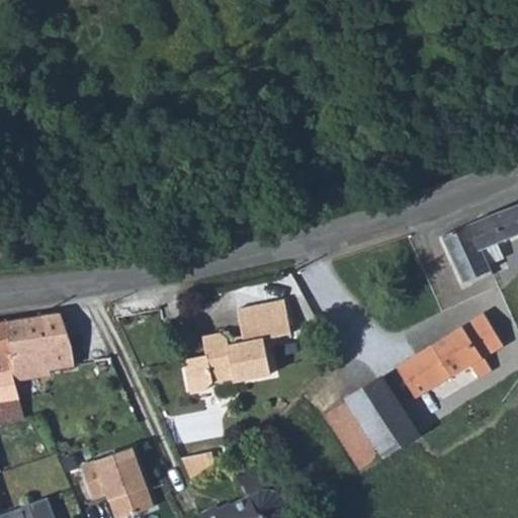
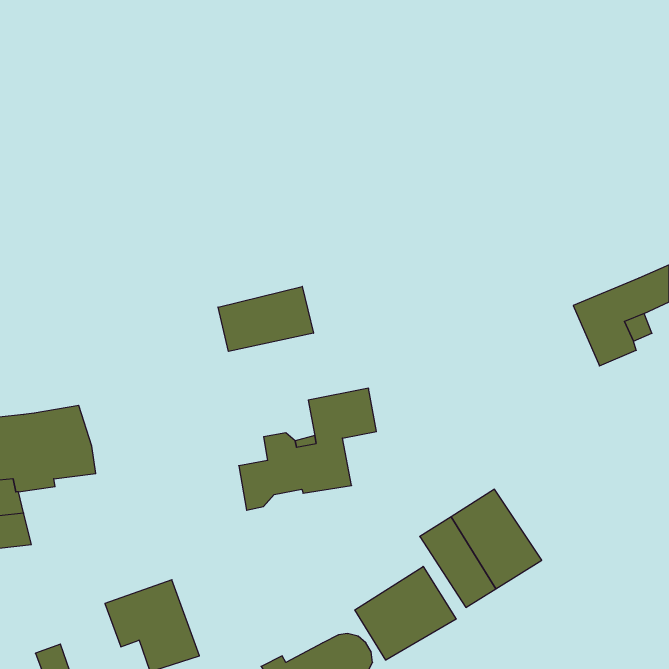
building: none -> [218,286,313,351]
building: [397,313,503,399] -> none
building: none -> [355,566,456,660]

